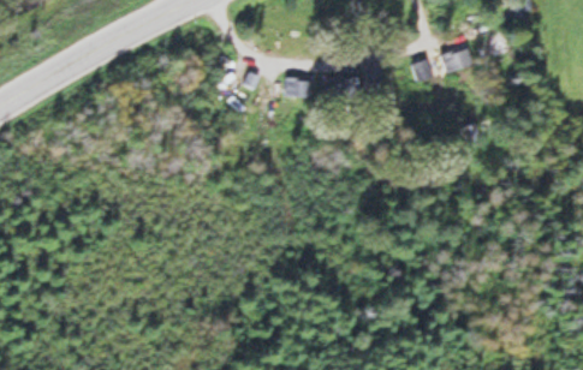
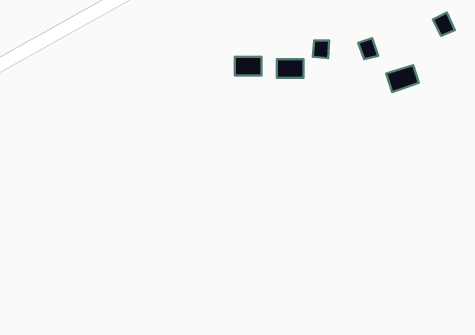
building: [439,46,472,73] -> [386,65,419,92]

